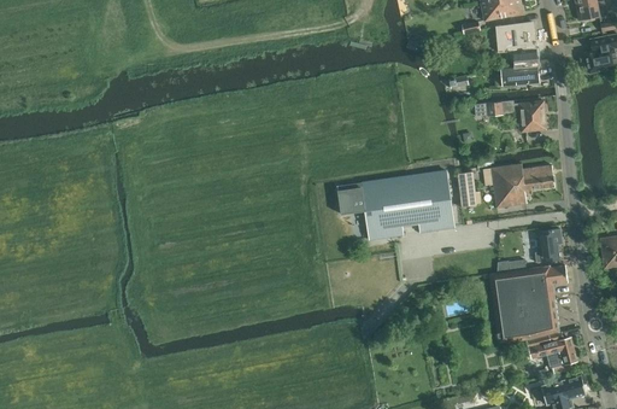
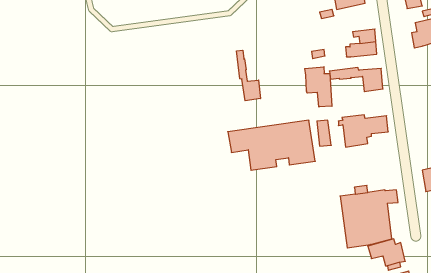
building: [496,23,535,52] -> none
building: none -> [237,50,260,101]
building: none -> [305,67,332,107]
building: [534,228,562,263] -> none

